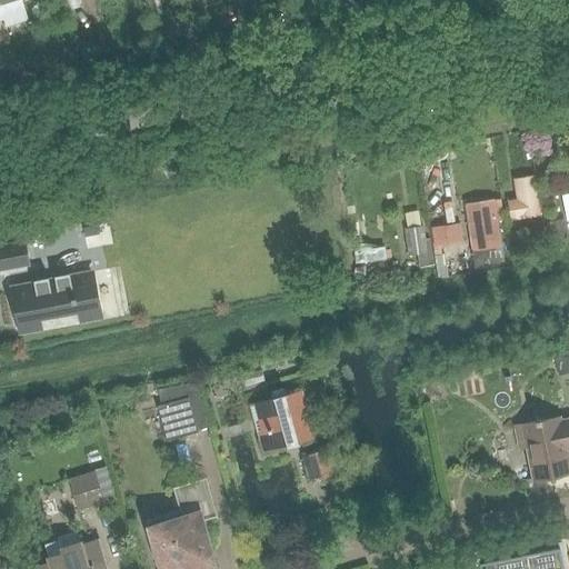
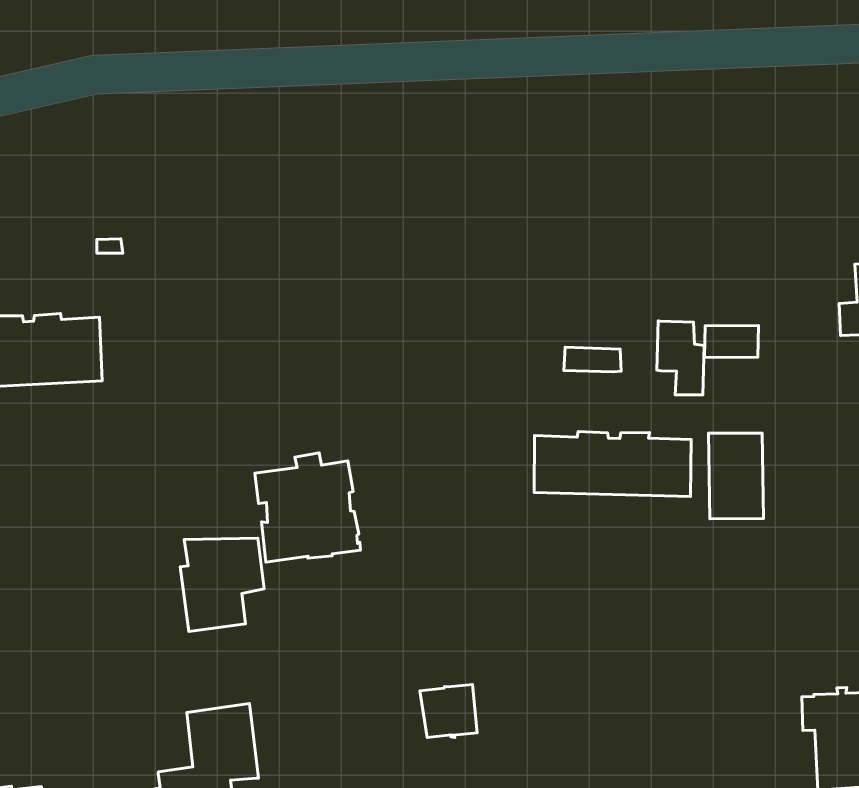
building: [462,201,500,253] -> [708,433,763,519]
building: none -> [534,432,691,496]
building: [250,388,316,453] -> [255,453,361,562]
building: [70,472,104,510] -> none

